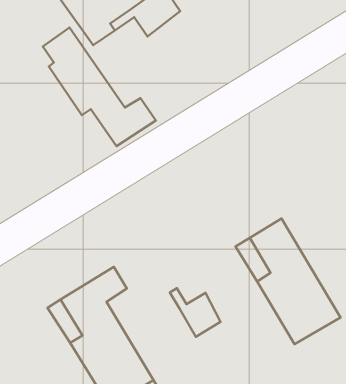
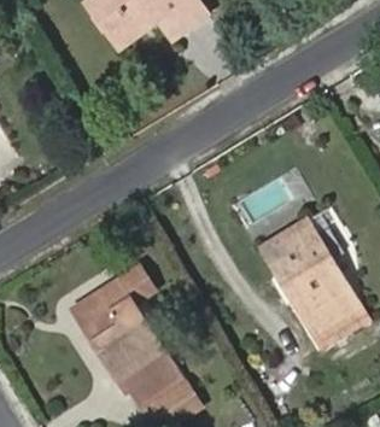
building: [43,27,156,146] -> none
building: [170,288,220,337] -> none

